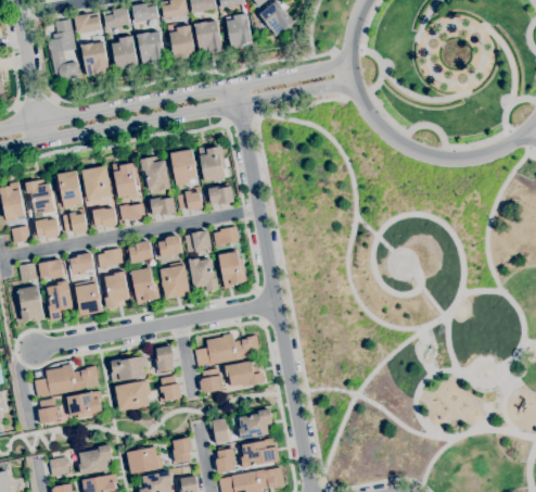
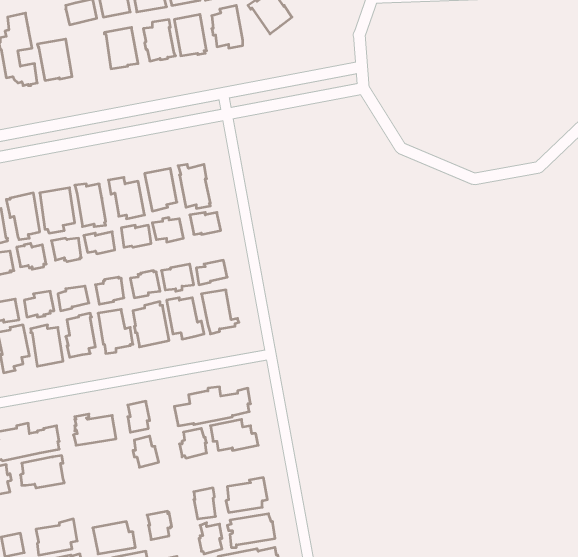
building: [74,13,102,34] -> none
building: [113,36,138,70] -> none
building: [115,380,151,411] -> none

